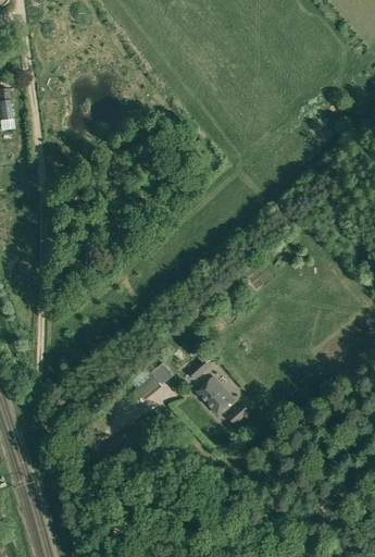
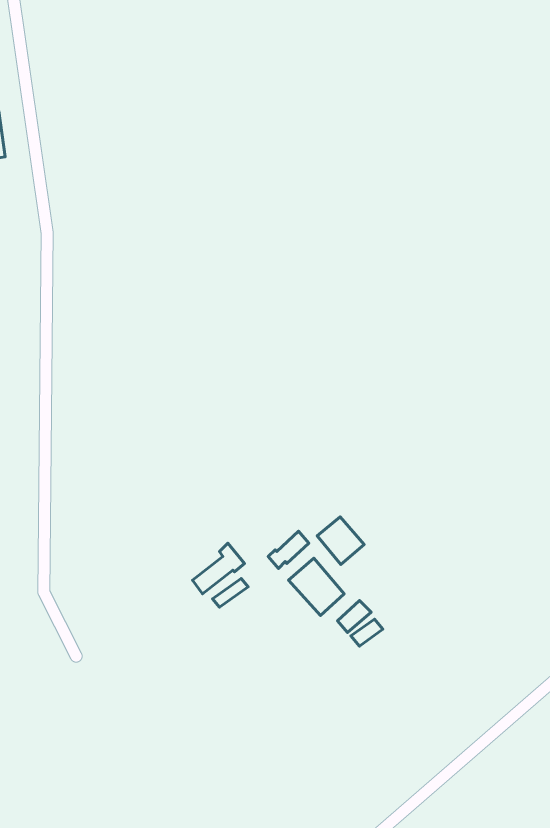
building: none -> [317,517,364,565]

